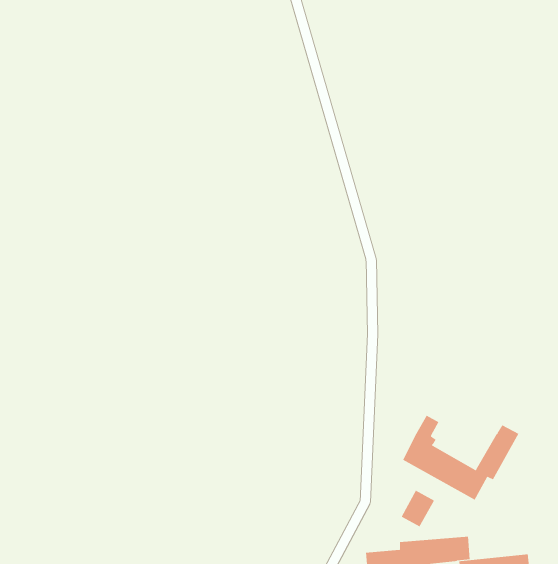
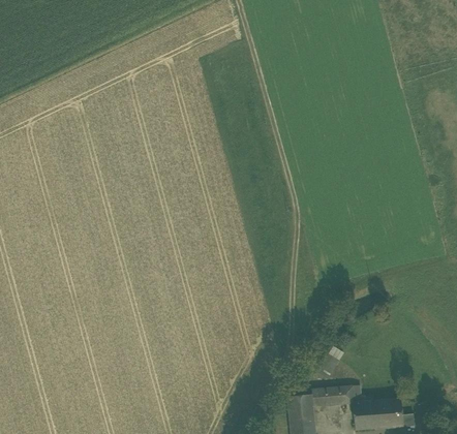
building: [403,415,519,500] -> none

